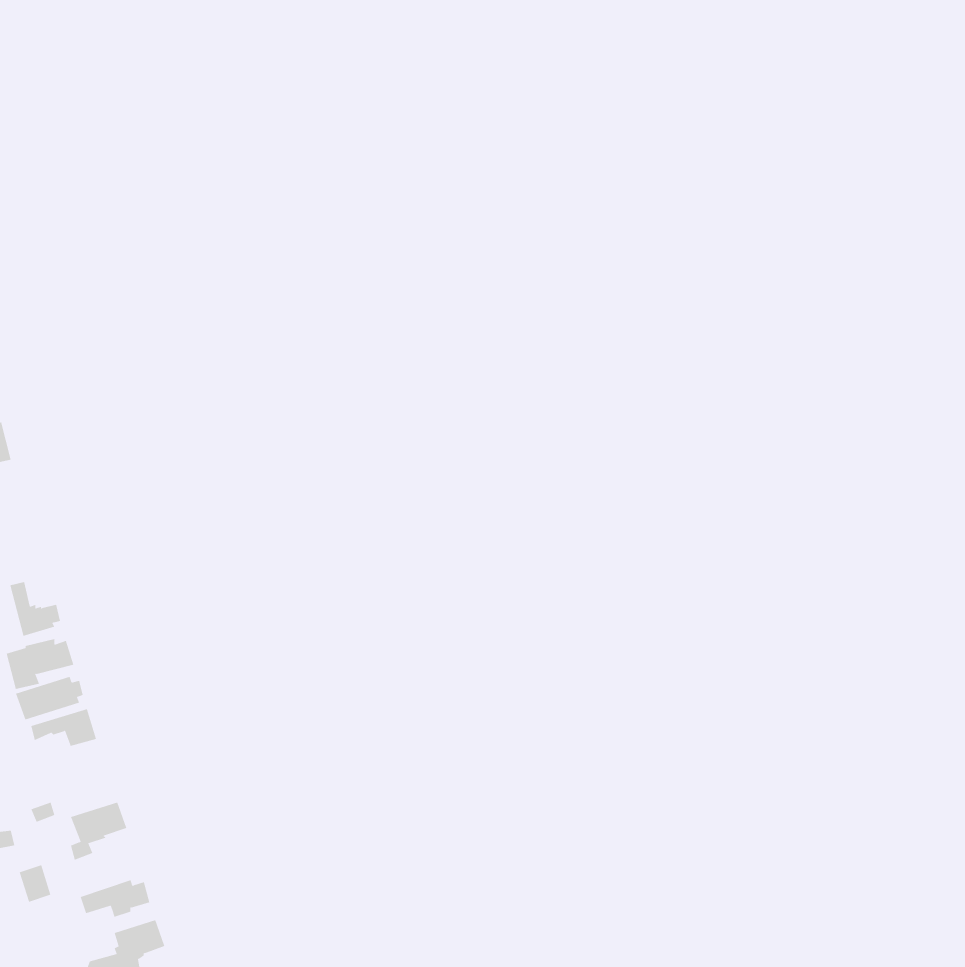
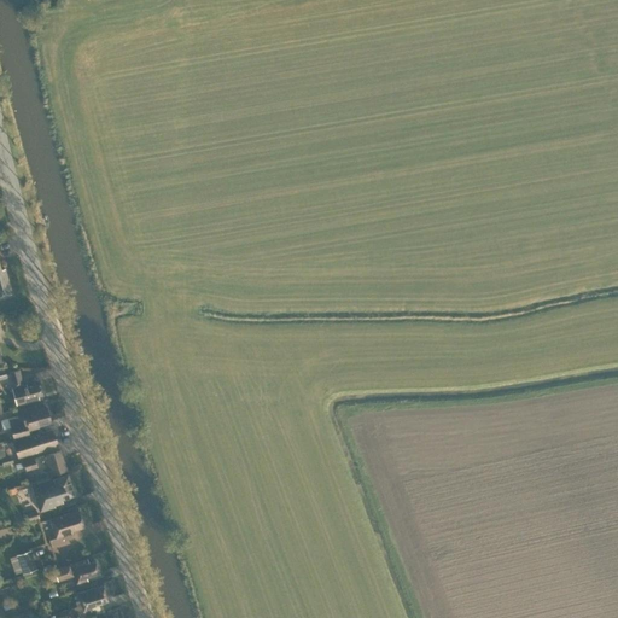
building: none -> [28,477,70,513]

